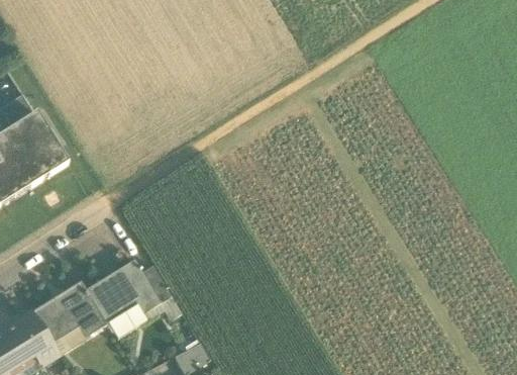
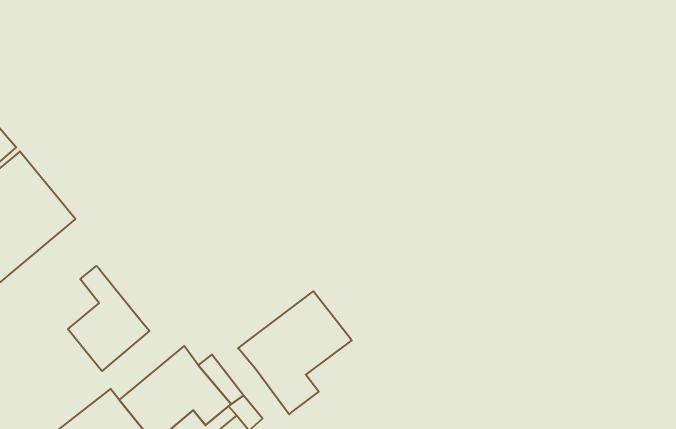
building: none -> [68,266,149,371]
building: none -> [238,291,352,414]

